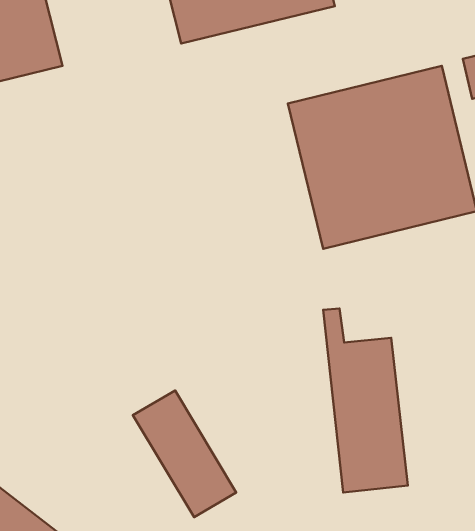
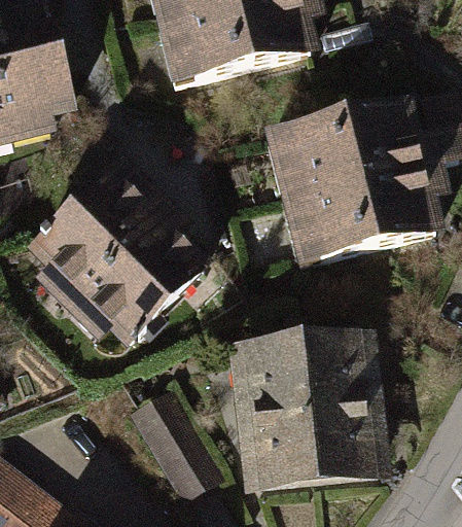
building: none -> [34,174,200,339]
building: none -> [243,317,314,484]

